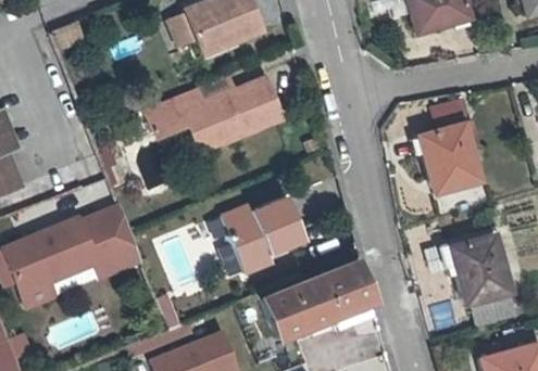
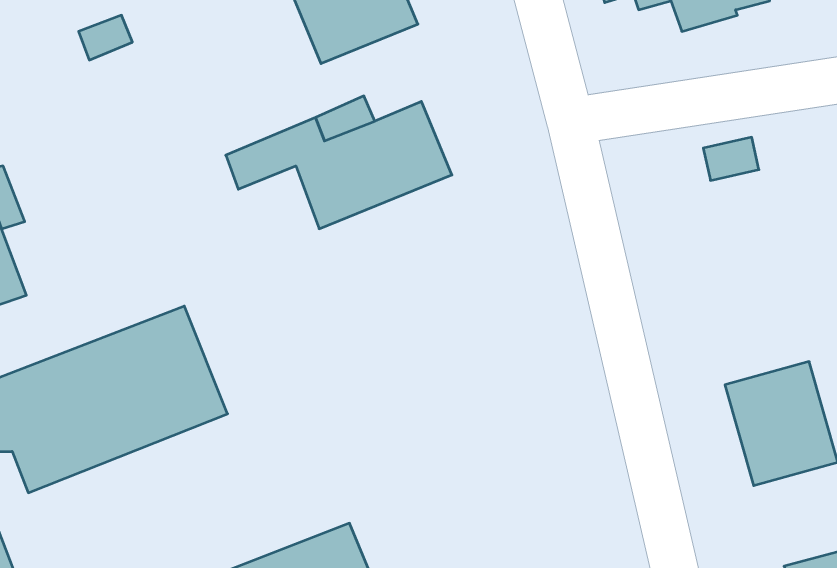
building: [417,119,484,195] -> none
building: [221,197,300,271] -> none
building: [254,261,373,349] -> none

